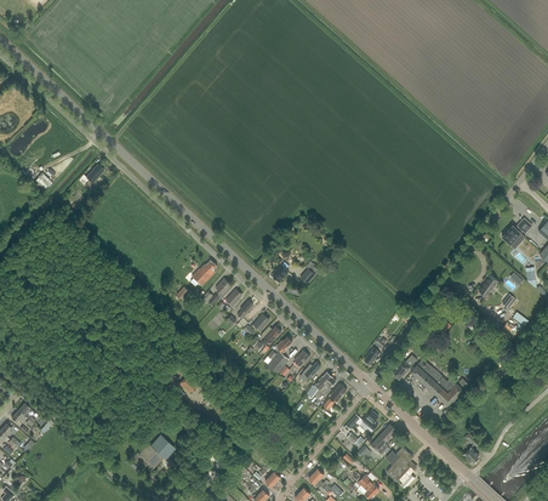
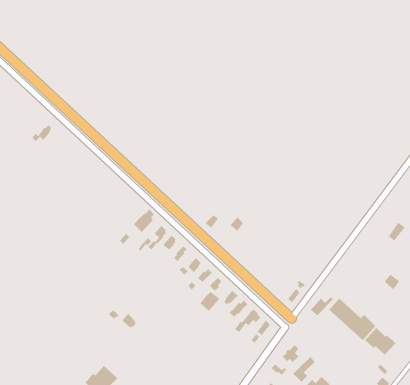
building: none -> [364,327,397,355]

